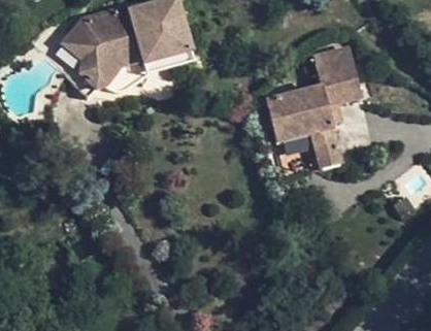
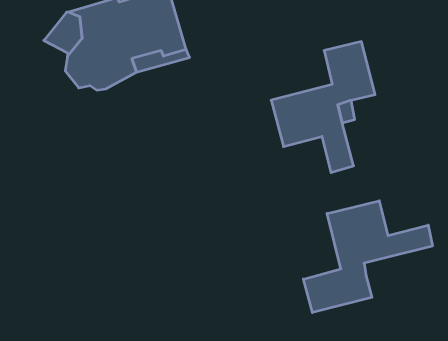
building: none -> [303,201,432,313]

